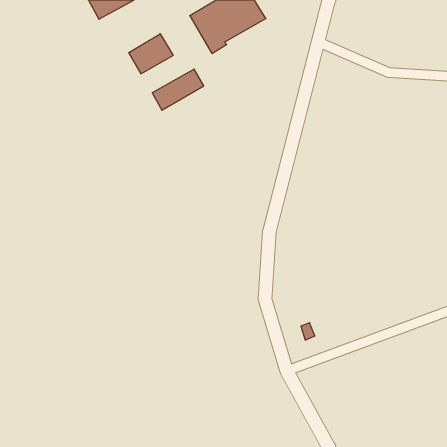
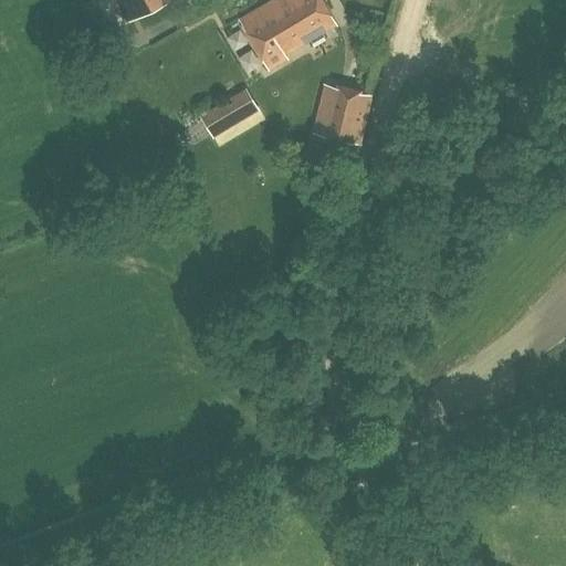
building: [129,34,173,74] -> none
building: none -> [314,85,370,143]

